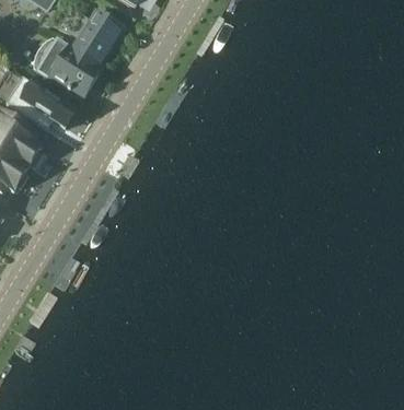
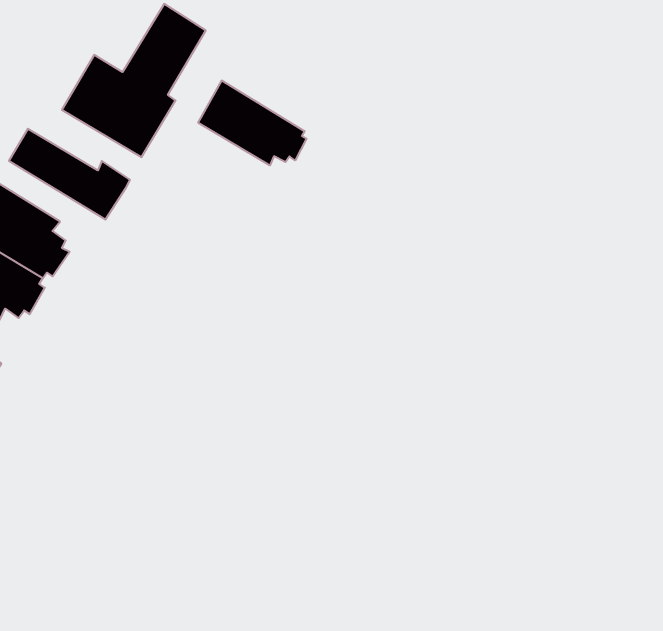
building: none -> [198,80,307,165]

